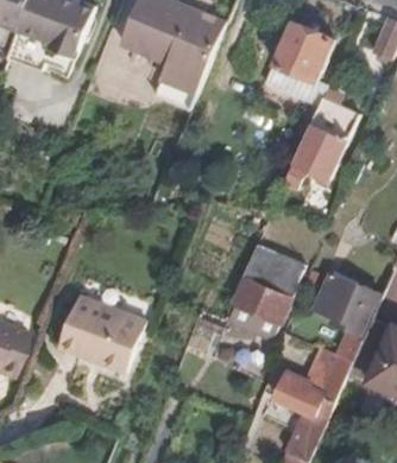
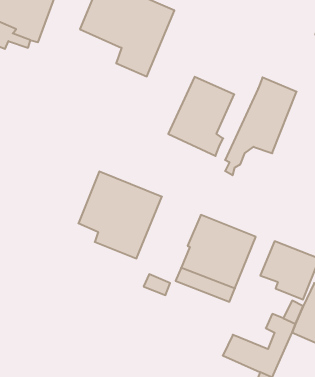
building: [261,21,333,107] -> [168,77,234,156]
building: [62,291,152,385] -> [78,171,162,258]

